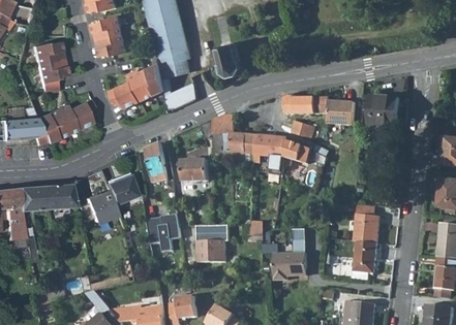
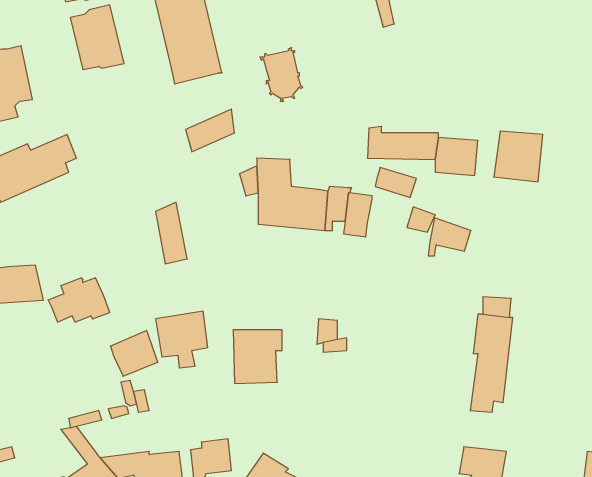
building: [107,57,191,108] -> none
building: [283,141,311,166] -> [428,218,471,256]
building: [182,160,208,183] -> none
building: [103,174,134,204] -> [110,331,158,376]
building: [273,230,306,281] -> none

